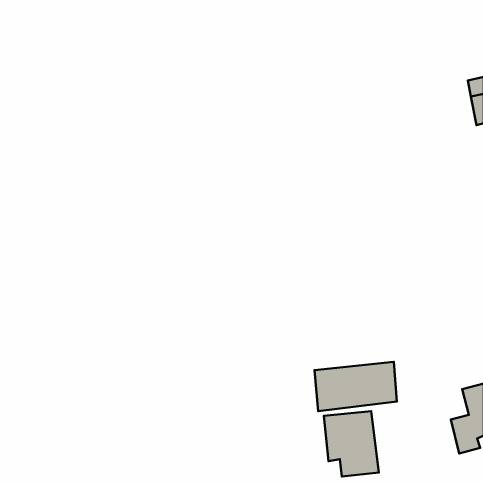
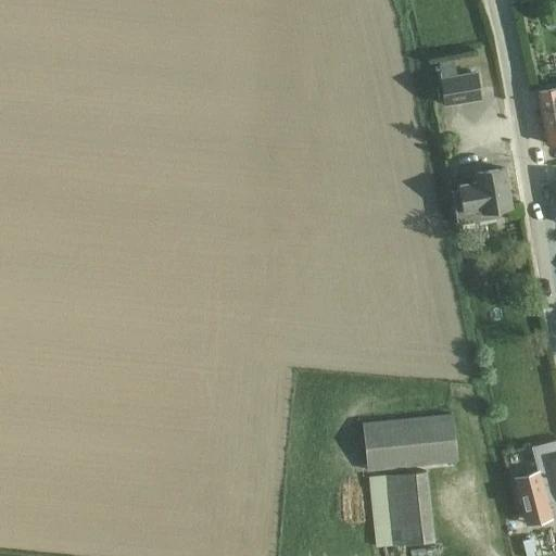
building: none -> [439,59,481,105]
building: none -> [458,169,511,216]

